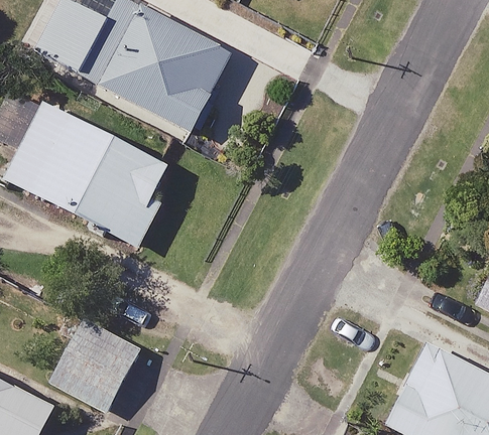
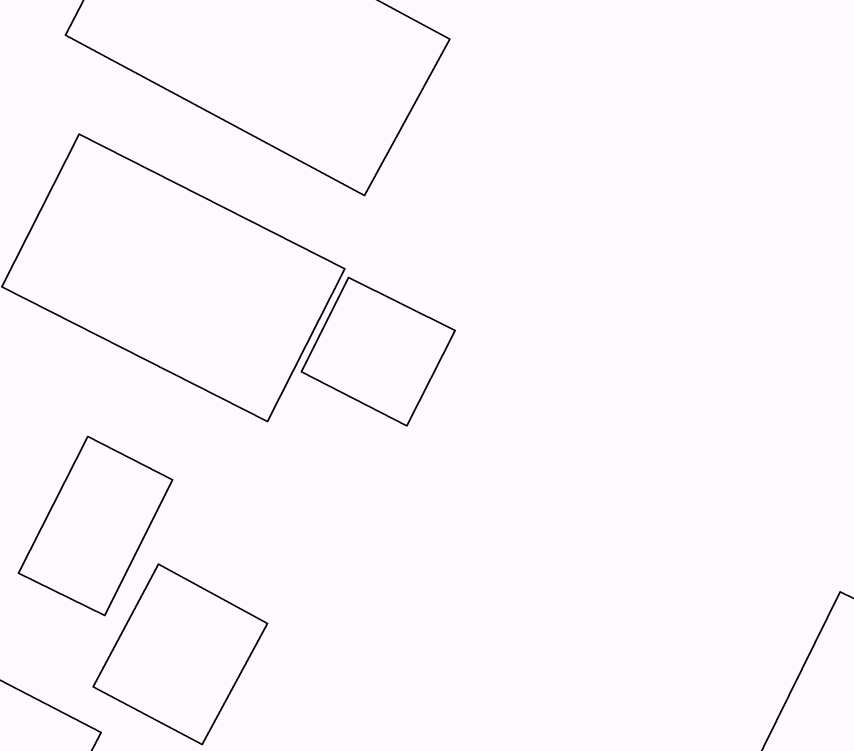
building: none -> [301,277,455,426]
building: none -> [18,436,173,615]

